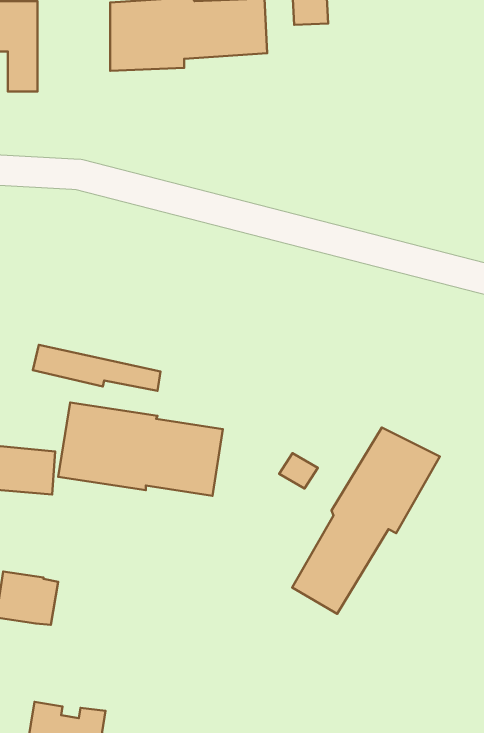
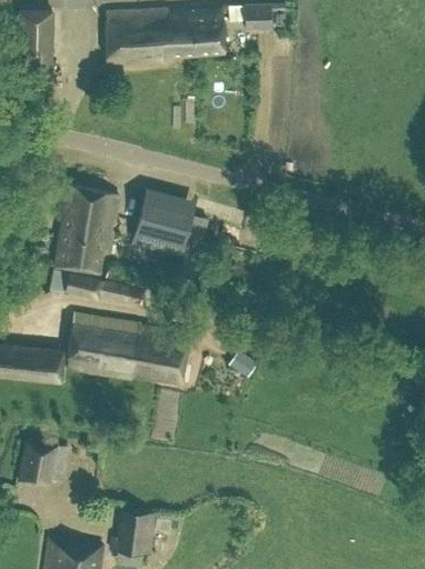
building: none -> [56,186,120,274]
building: none -> [131,188,196,259]
building: [292,428,440,614] -> none
building: none -> [110,500,154,556]

